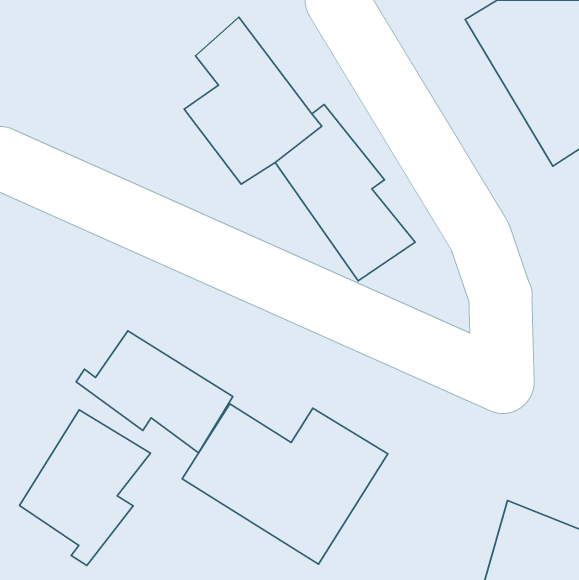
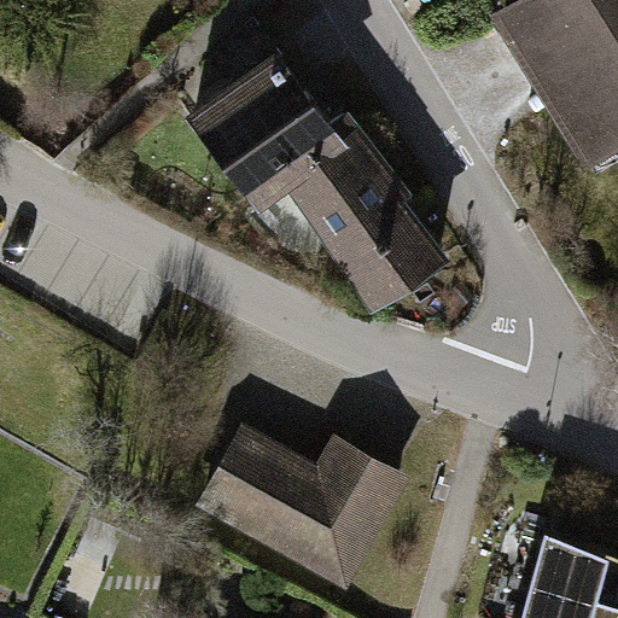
building: [76,331,233,453] -> none
building: [19,410,150,566] -> none

